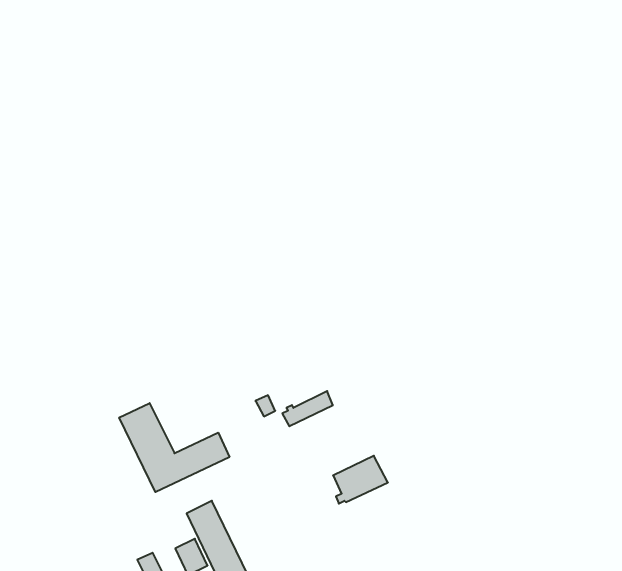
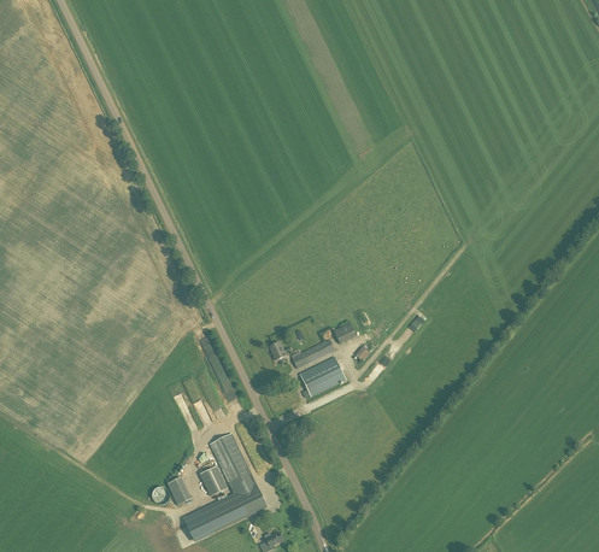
building: [119,403,229,492] -> none
building: [333,456,388,504] -> [299,357,346,398]

